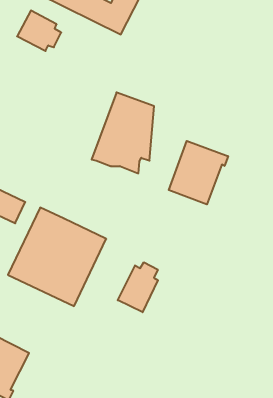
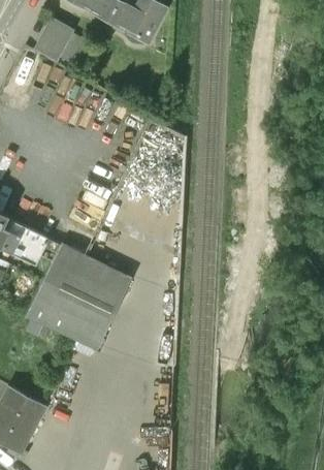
building: [169,141,228,204] -> none
building: [118,262,158,312] -> none

